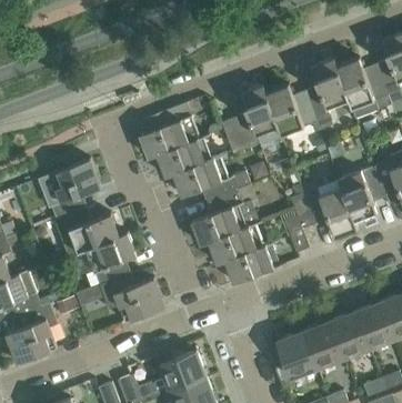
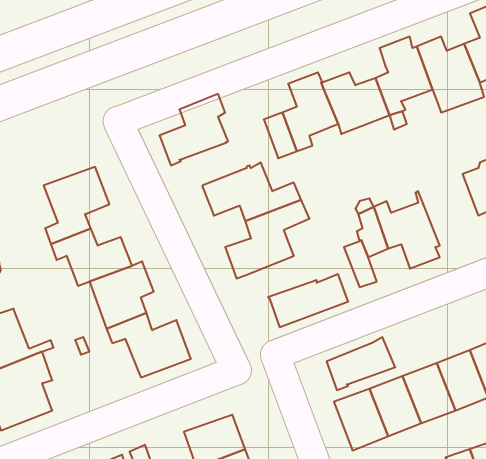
building: [155,138,210,178] -> none
building: [341,165,388,221] -> none
building: [209,224,262,265] -> [327,337,395,390]

